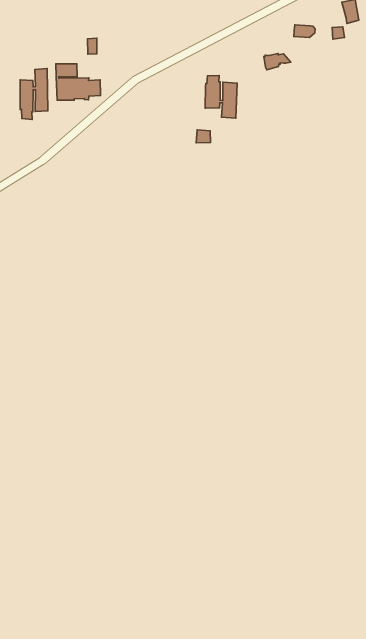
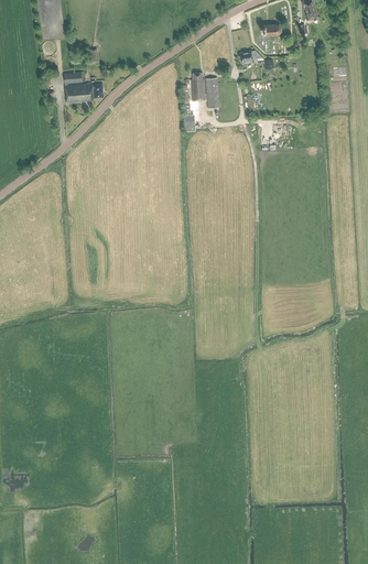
building: [20,69,48,120] -> none

